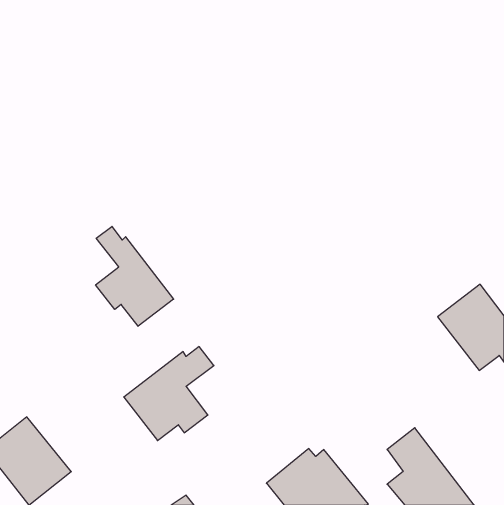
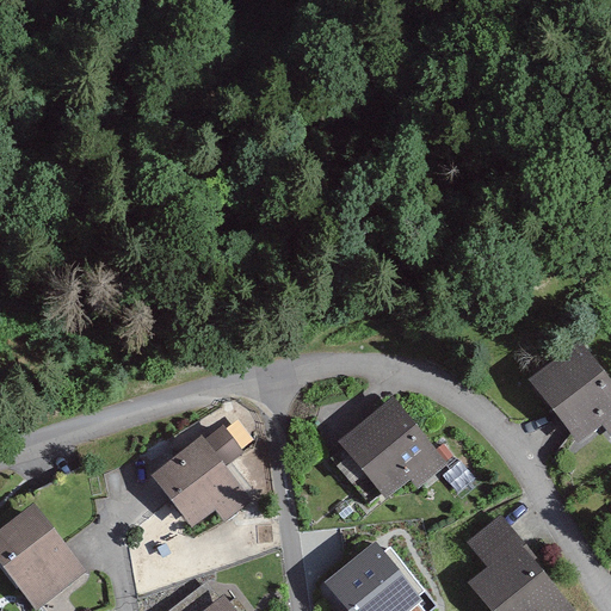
building: [96,226,174,326] -> none
building: none -> [337,399,448,502]

